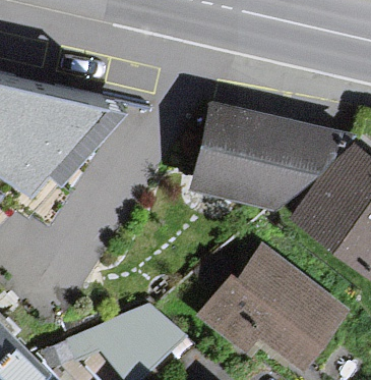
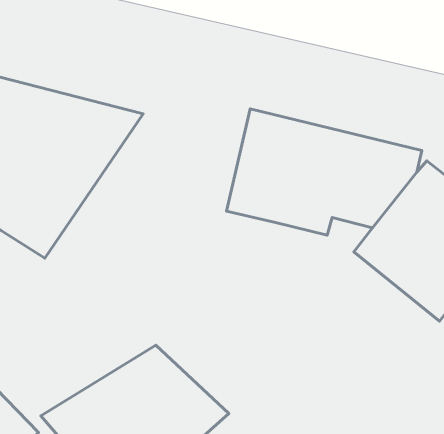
building: [203,257,337,362] -> none

